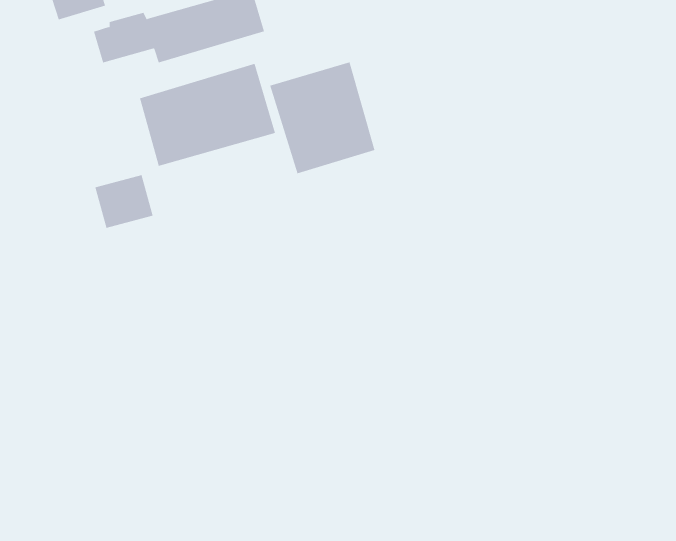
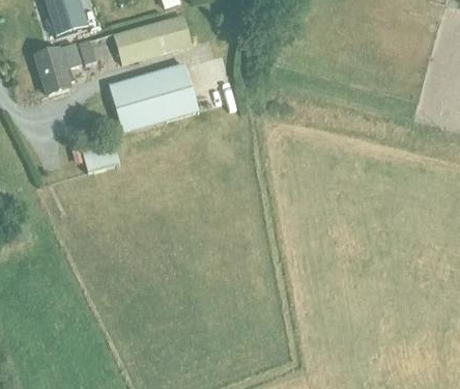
building: none -> [36,44,81,91]
building: [269,62,375,174] -> none

